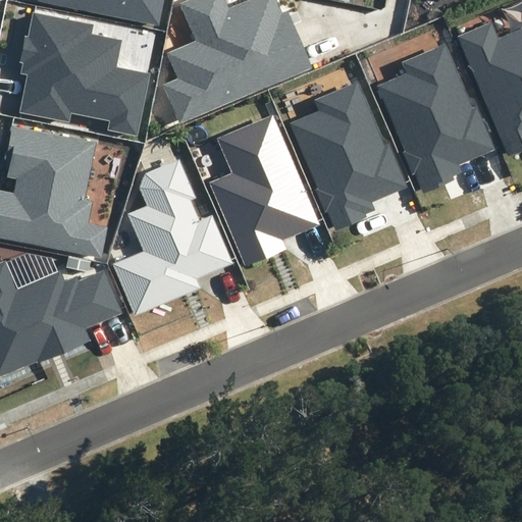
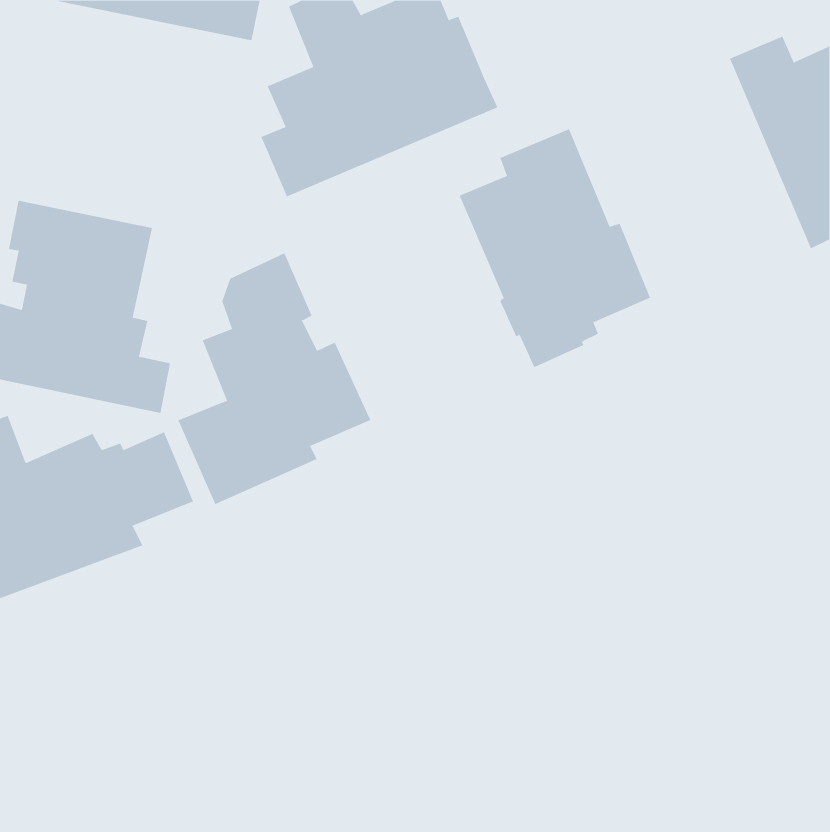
building: [18,12,149,137] -> none
building: [376,41,492,193] -> none
building: [208,115,318,266] -> none

